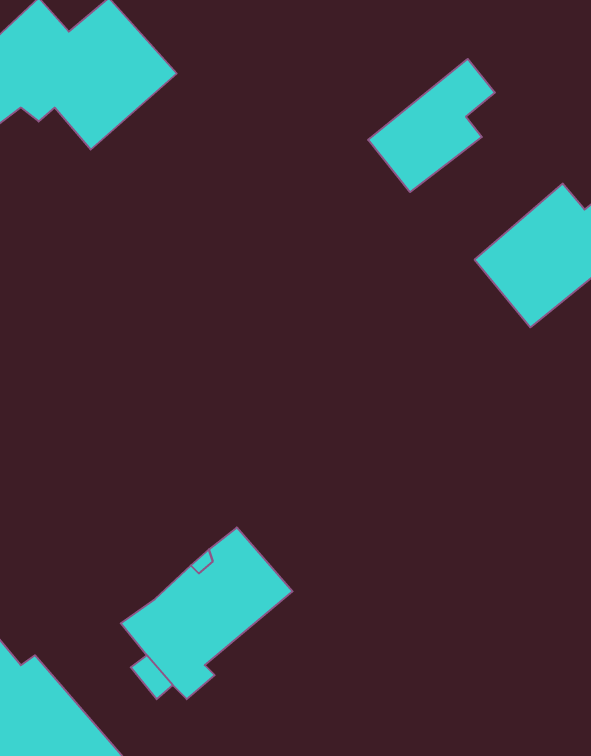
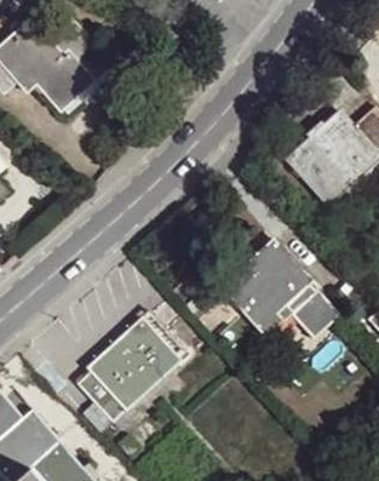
building: [368,59,495,192] -> none
building: none -> [222,242,335,339]

